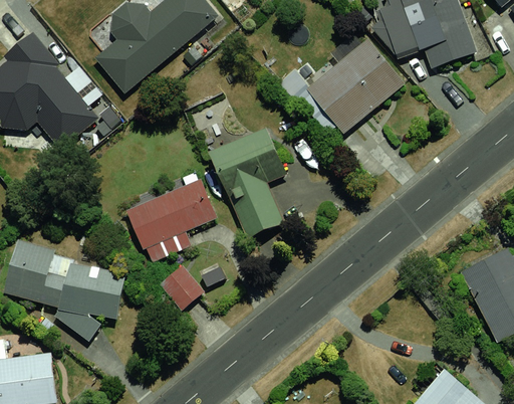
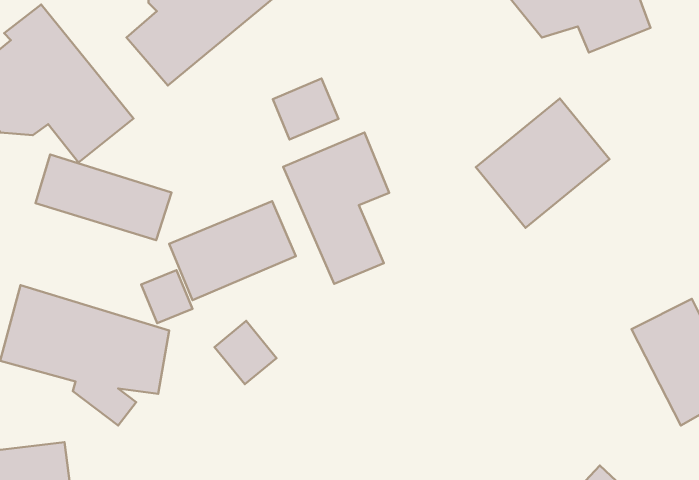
building: [307,38,405,133] -> [476,98,609,228]
building: none -> [273,79,338,140]
building: none -> [35,155,171,240]
building: none -> [141,270,192,323]

